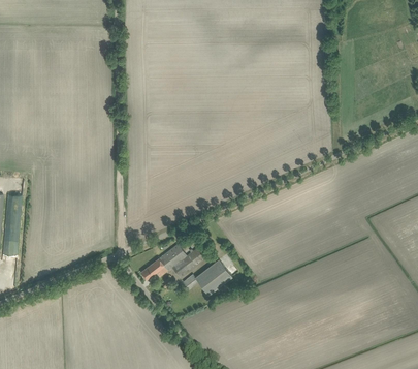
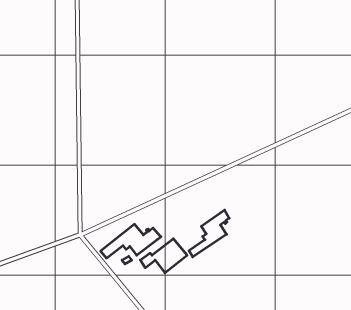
building: none -> [189,210,229,257]

